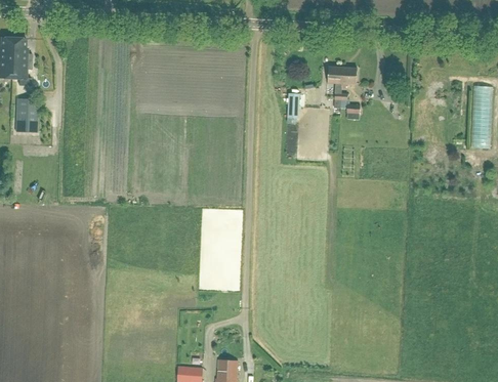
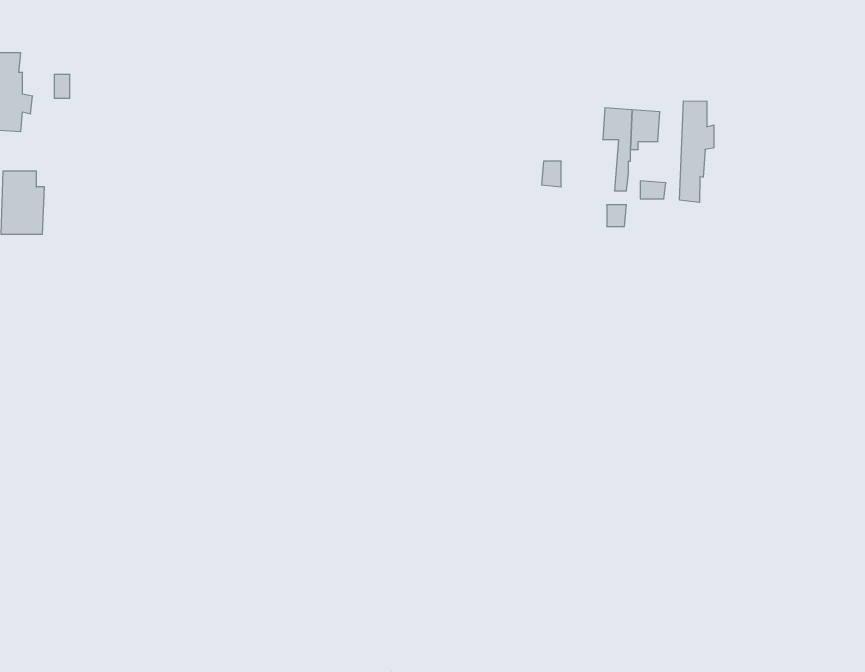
building: none -> [680,101,714,202]

